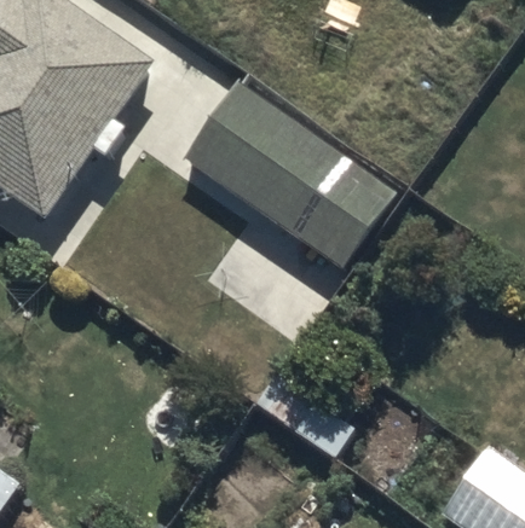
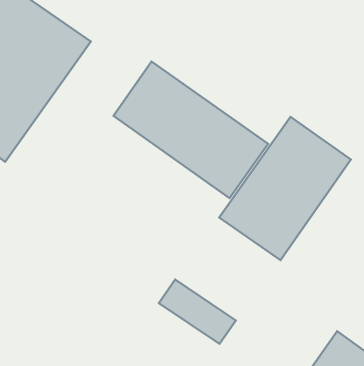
building: none -> [219,117,351,260]

